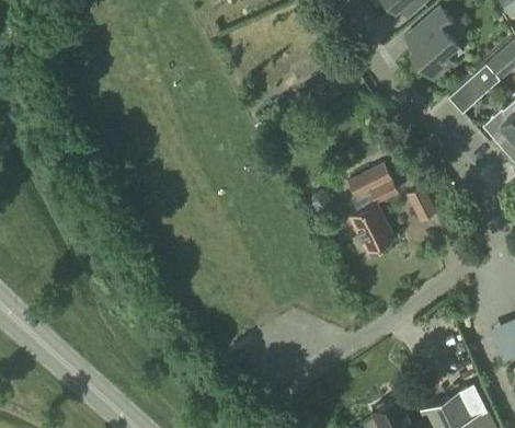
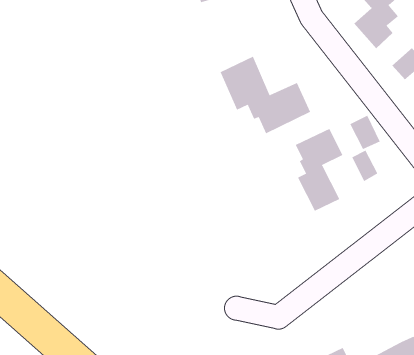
building: none -> [220,56,311,134]
building: none -> [350,115,381,150]

